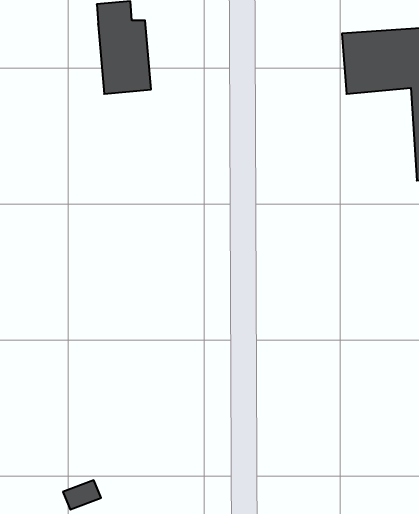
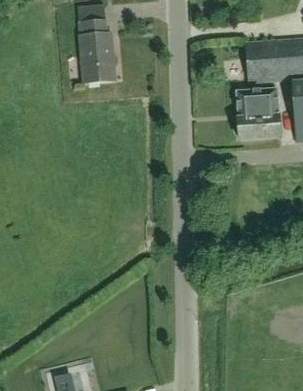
building: none -> [236,88,279,138]

